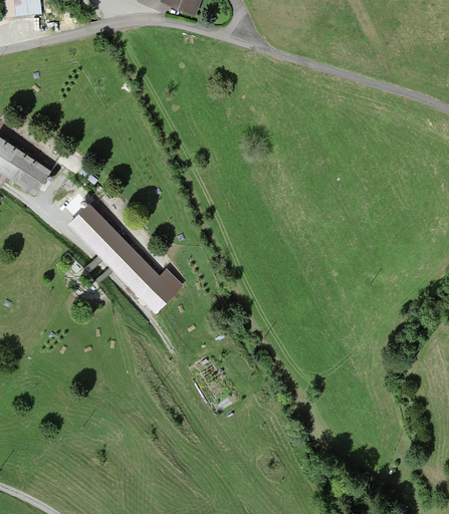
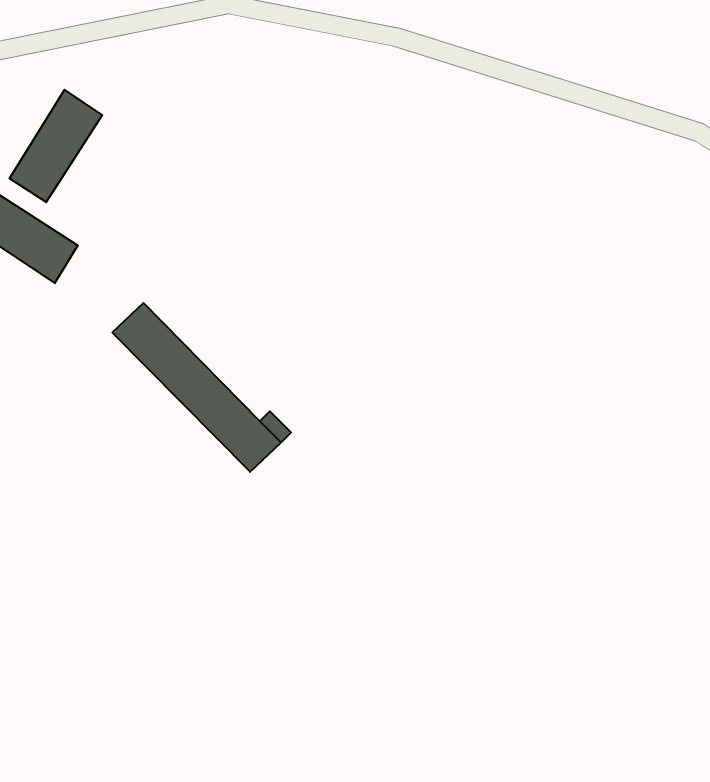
building: none -> [9,90,102,202]

